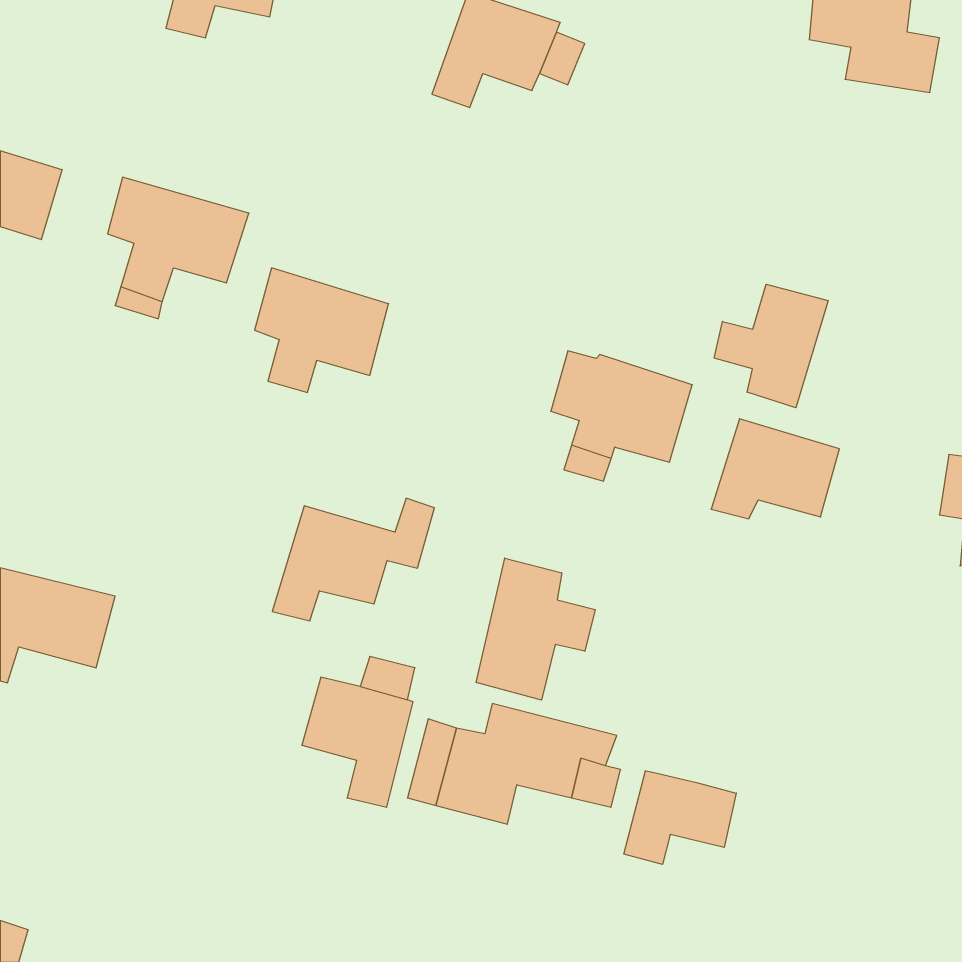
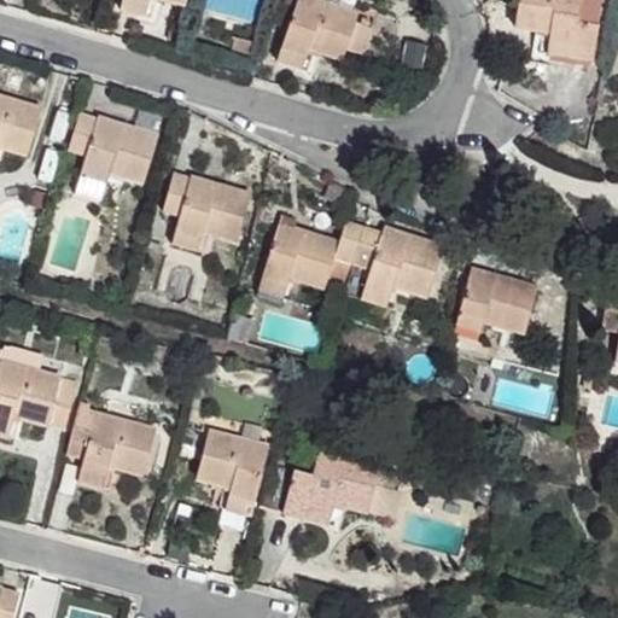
building: [714,284,828,408] -> none
building: [272,498,434,621] -> [261,218,365,297]
building: [476,558,595,700] -> none
building: none -> [66,409,152,486]
building: [624,771,736,864] -> none

